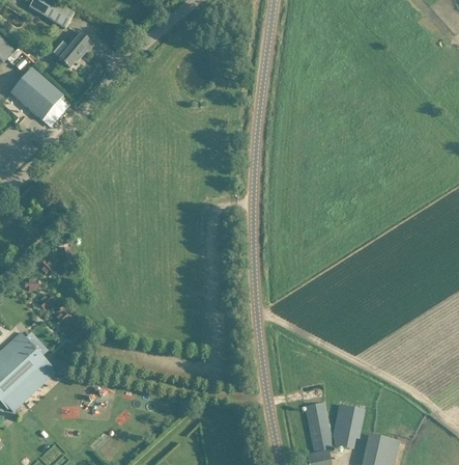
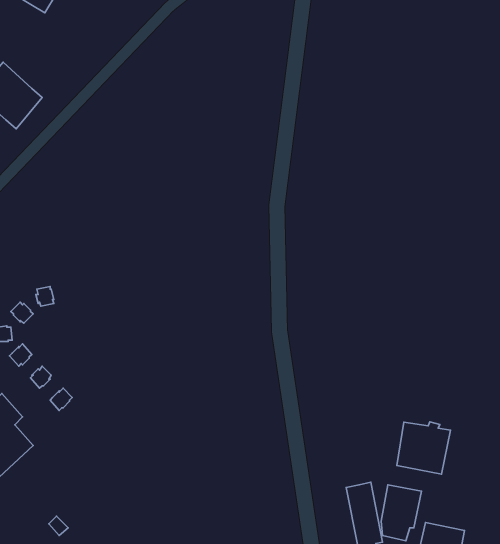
building: [57,31,92,67] -> none
building: none -> [397,422,450,474]

